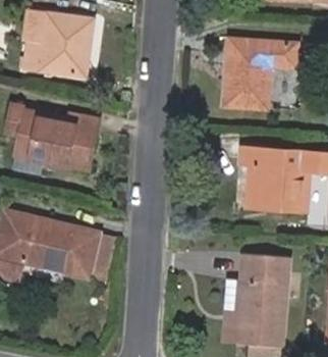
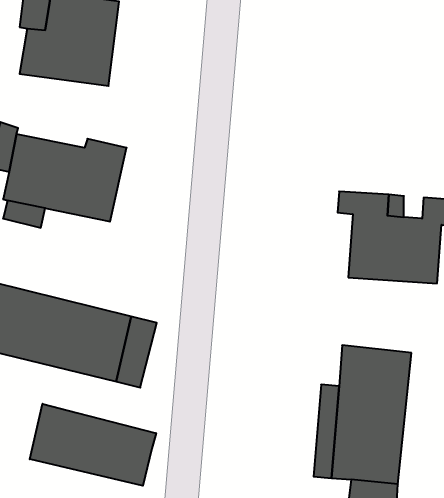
building: [226,41,296,110] -> none
building: none -> [30,404,156,486]

